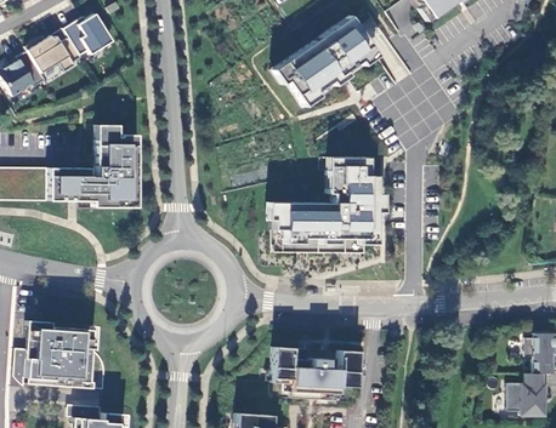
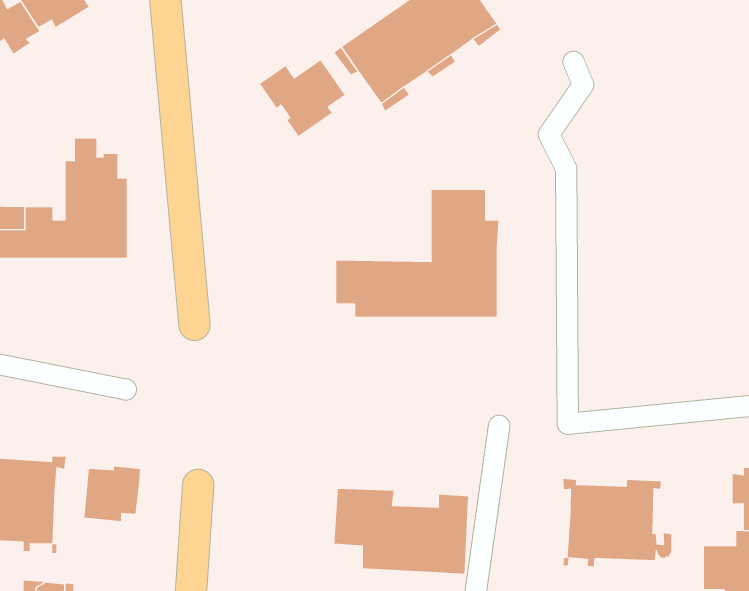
building: none -> [259,60,345,137]
building: none -> [84,466,141,522]
building: none -> [563,478,672,567]

